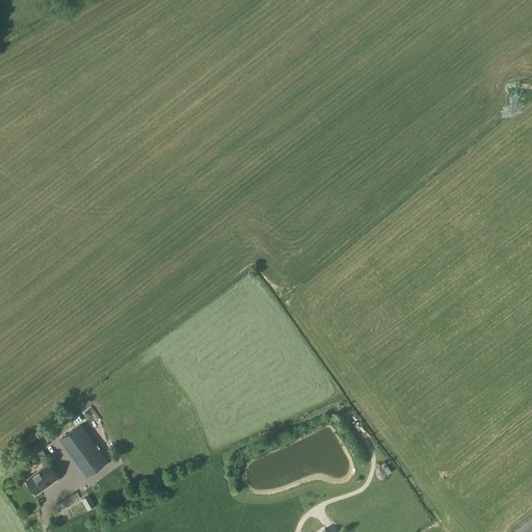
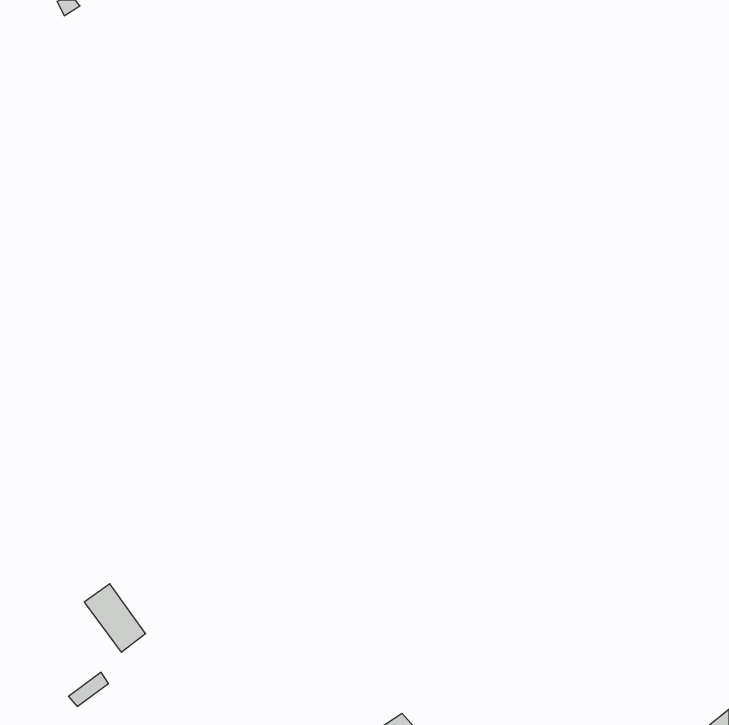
building: [26,467,59,497] -> none

